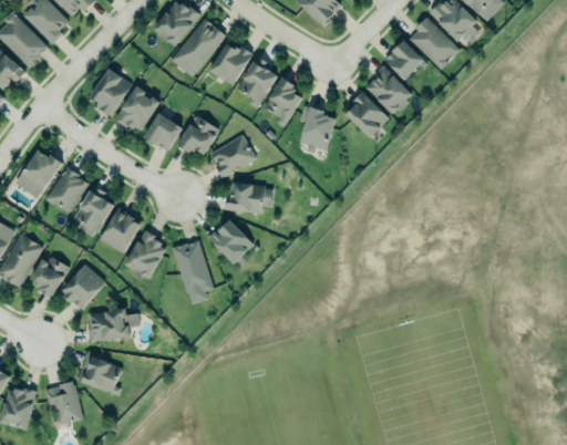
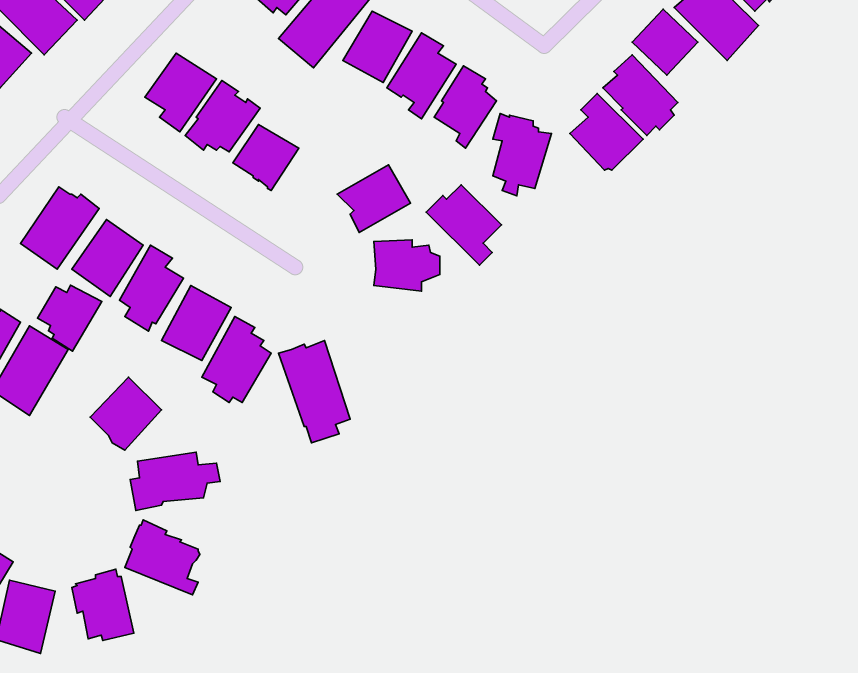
building: [178,116,219,156] -> none
building: [208,219,254,268] -> [426,185,501,265]
building: [31,257,70,297] -> [38,285,102,351]

